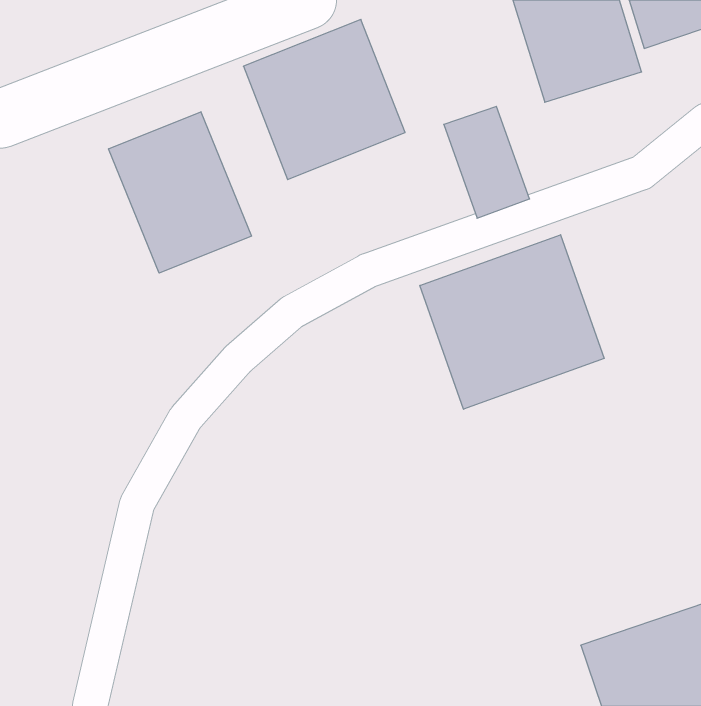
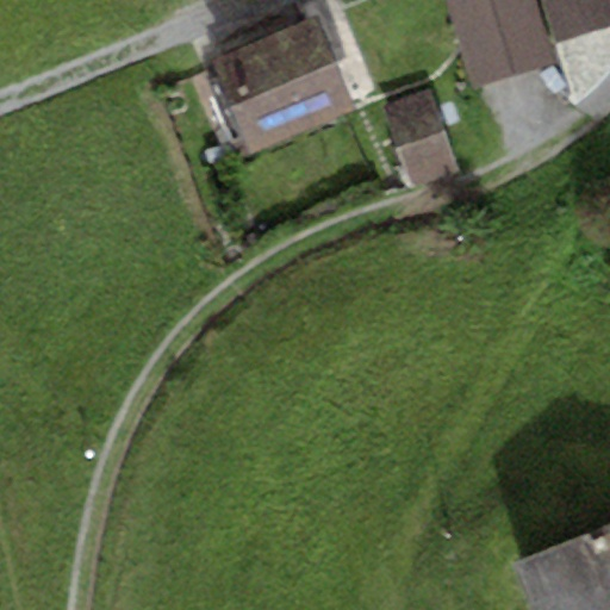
building: [109,112,252,273] -> none
building: [420,235,604,409] -> none

